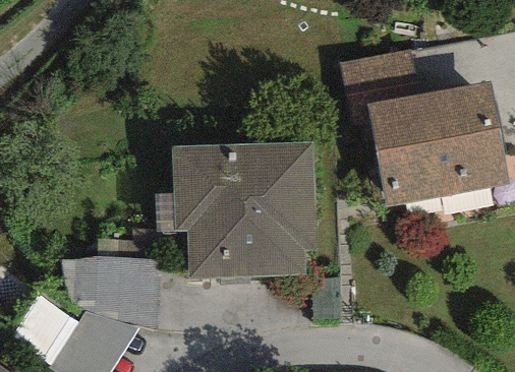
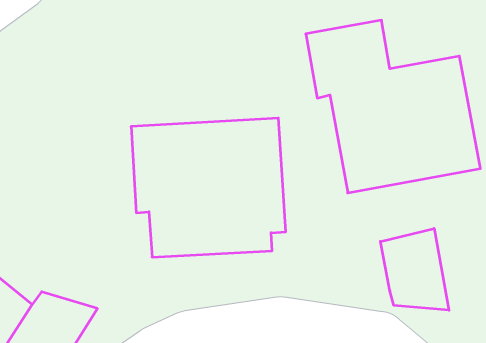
building: none -> [380,228,449,310]
building: [62,255,158,330] -> none

